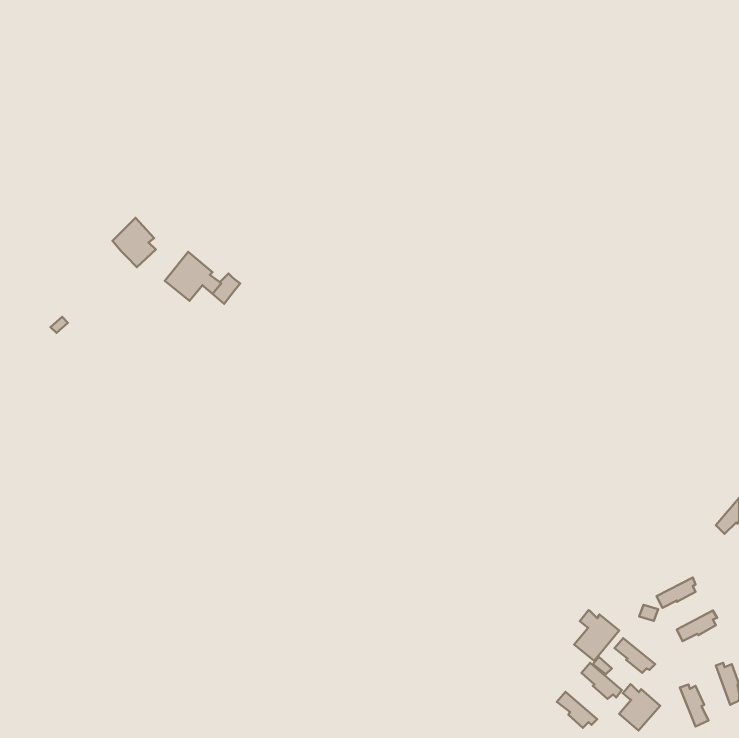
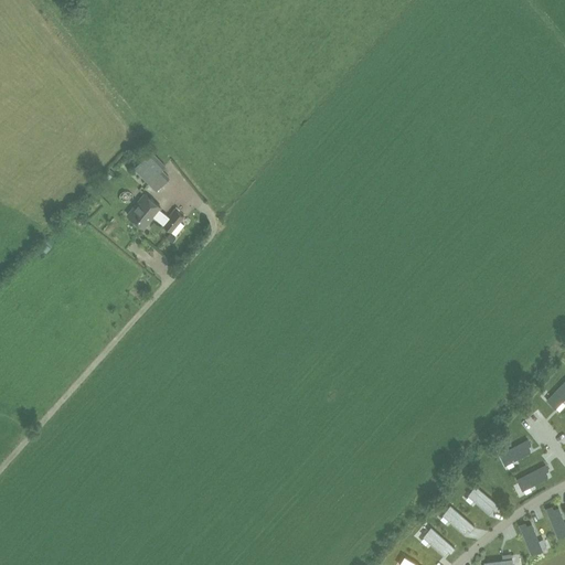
building: [112,218,156,267] -> [134,151,167,189]
building: [574,610,619,661] -> none
building: [619,684,660,730] -> none

